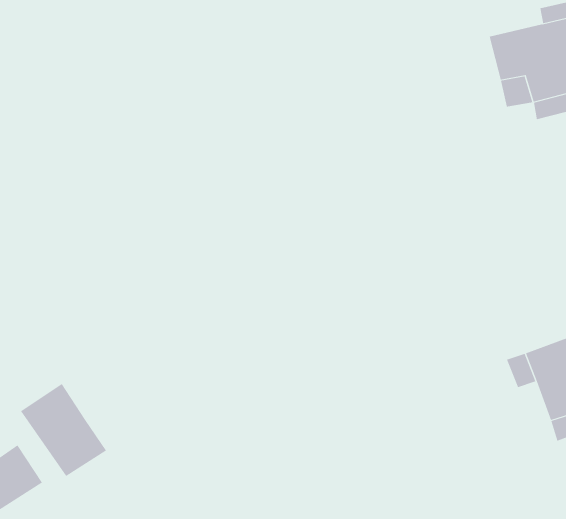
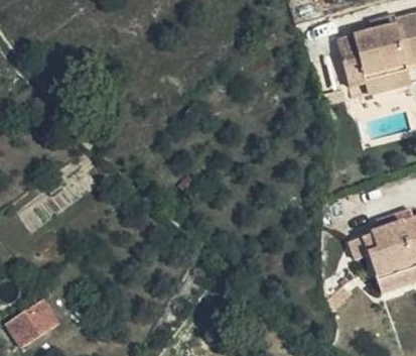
building: [20,383,107,477] -> none

